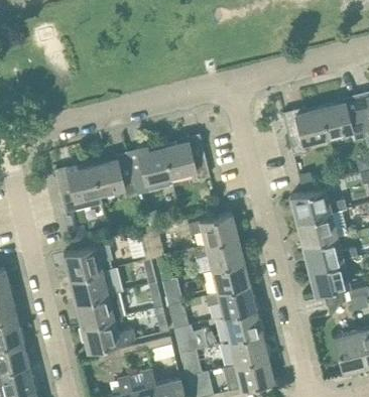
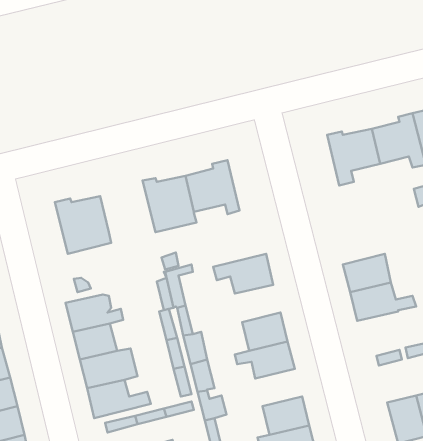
building: [93,152,139,198] -> none
building: [290,189,346,223] -> none
building: [194,240,244,273] -> none
building: [309,262,349,295] -> none
building: [223,310,262,342] -> none

